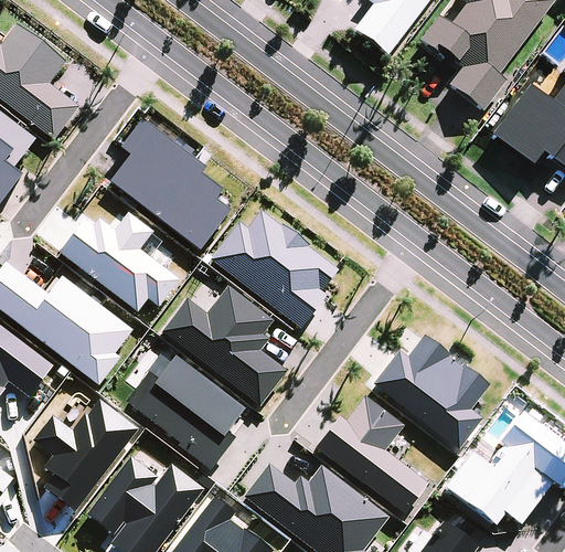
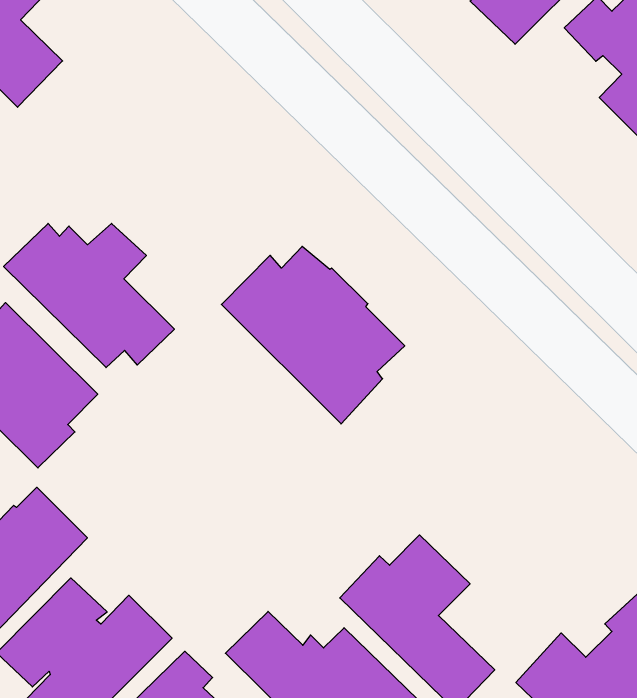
building: [111,118,231,250] -> none
building: [163,285,286,403] -> none
building: [372,335,488,447] -> none
building: [125,353,245,468] -> none

